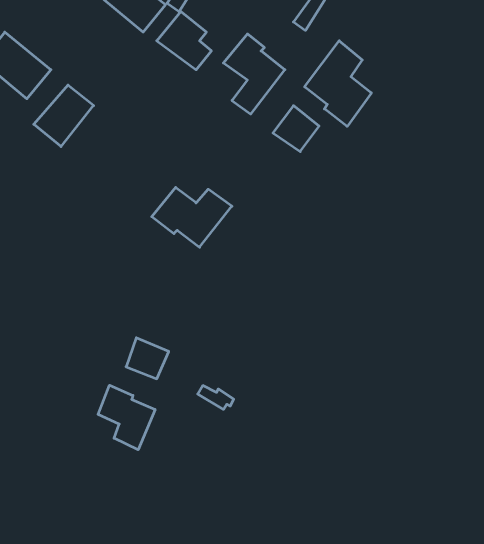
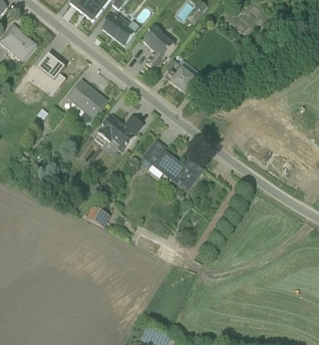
building: [305,41,371,126] -> none
building: none -> [67,78,108,118]
building: none -> [142,138,204,190]
building: [98,385,155,450] -> none

